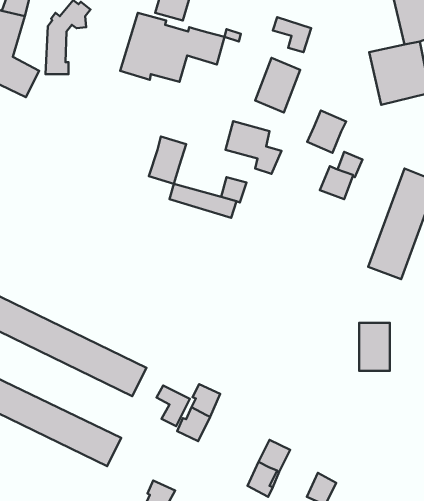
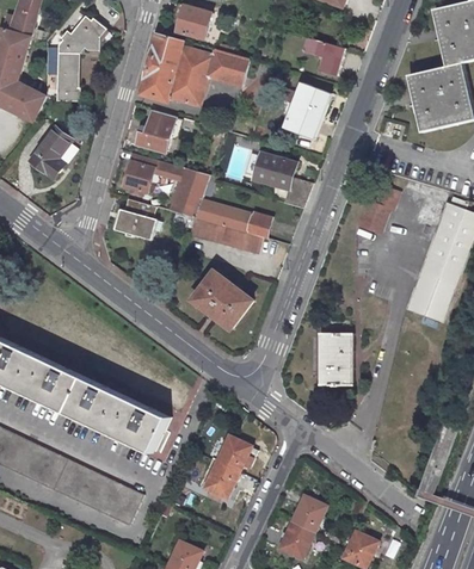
building: none -> [136,110,178,154]
building: none -> [27,124,75,181]
building: [307,110,346,153] -> none
building: none -> [122,153,181,196]
building: none -> [196,198,253,233]
building: none -> [115,199,162,241]
building: none -> [191,266,250,323]
building: [359,323,390,371] -> [320,333,353,385]
building: [157,386,190,426] -> none

